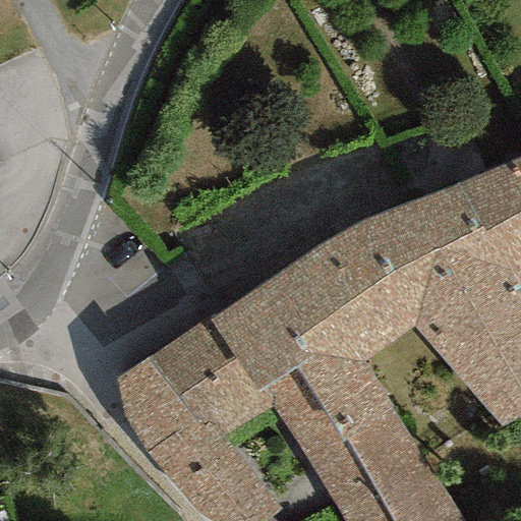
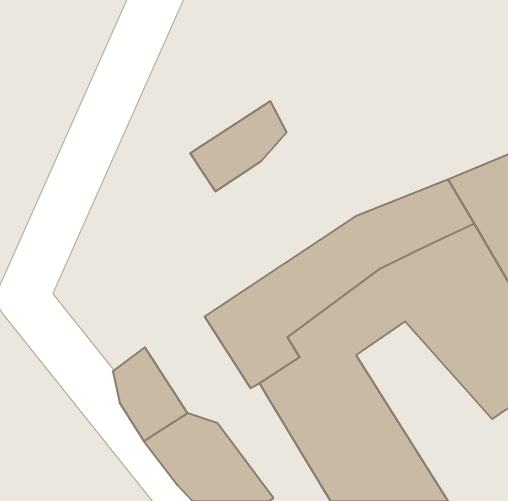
building: none -> [190,101,287,192]
building: [150,310,274,431] -> none

